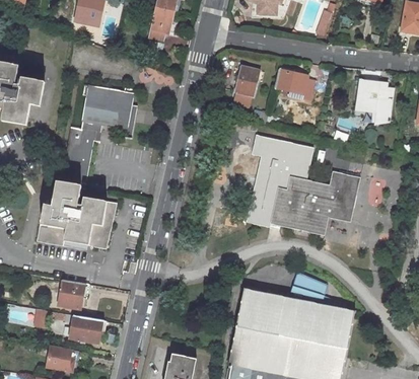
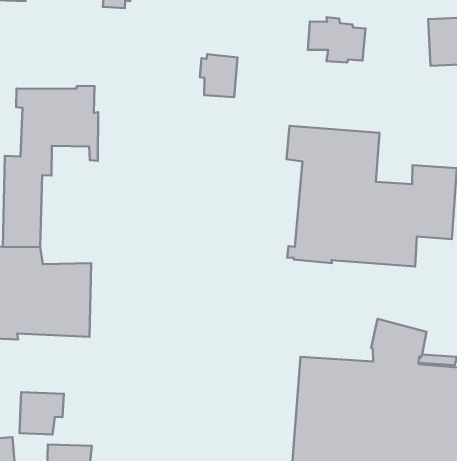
building: [239,64,266,94] -> [200,54,237,97]

